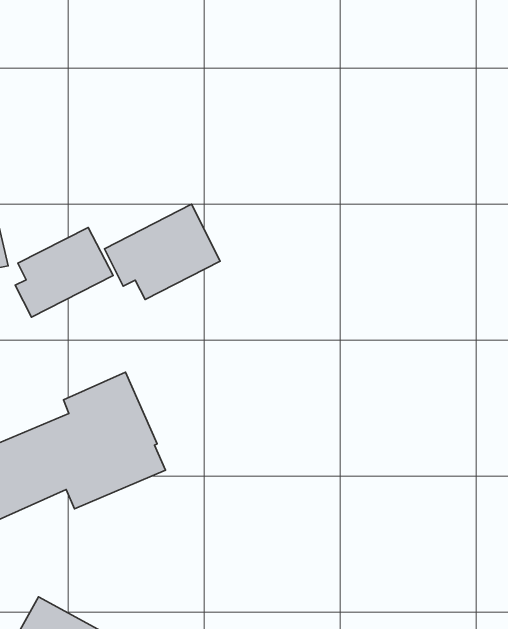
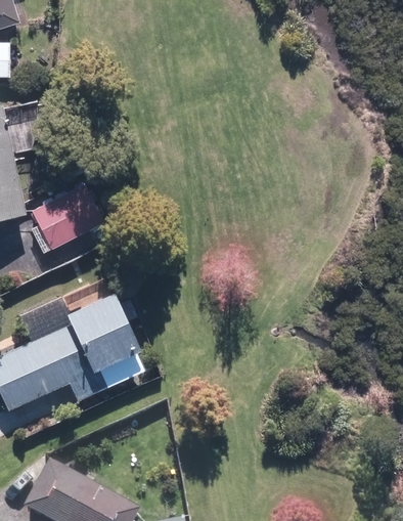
building: [105,204,220,300] -> none

